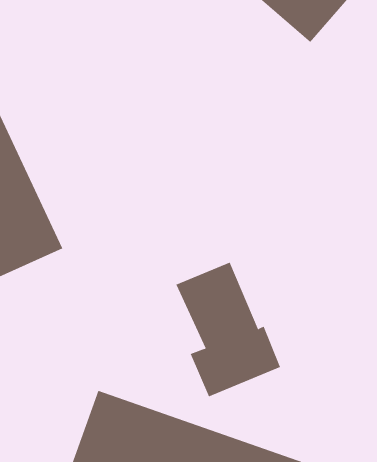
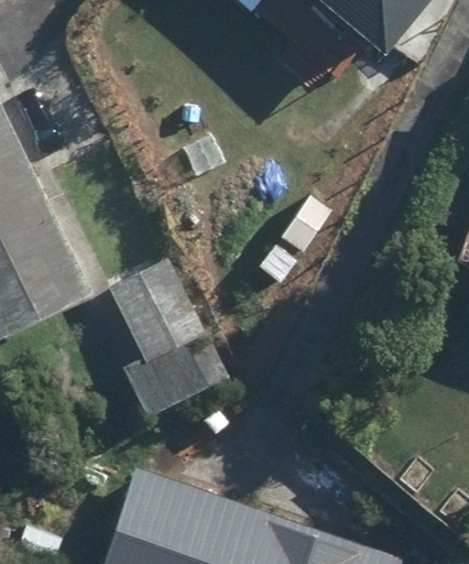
building: [176,262,281,397] -> [107,259,230,417]

